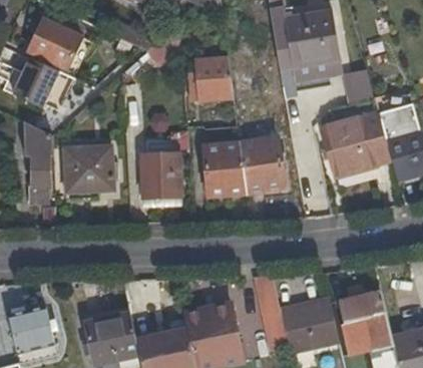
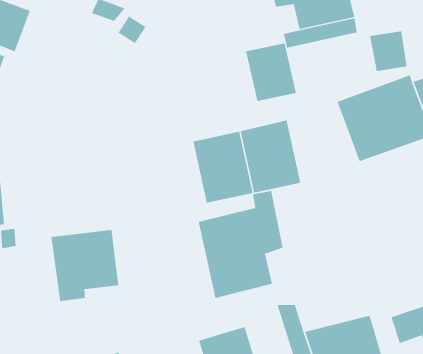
building: [194,60,233,105] -> [245,42,297,102]
building: [63,146,114,201] -> [50,229,119,302]
building: [141,154,182,197] -> none
building: none -> [198,190,283,299]

